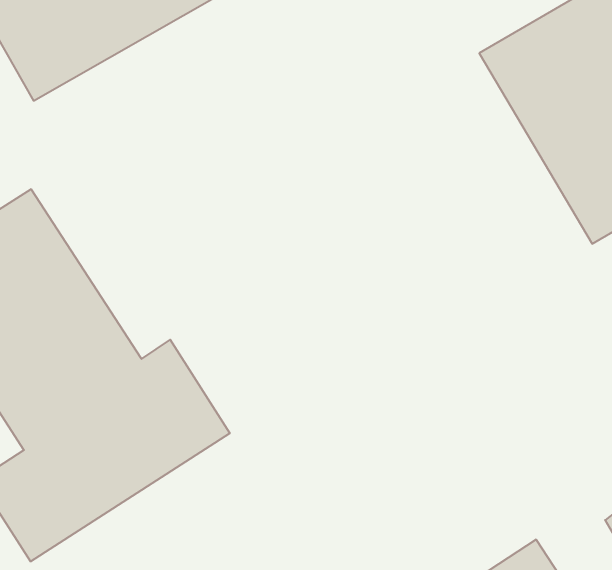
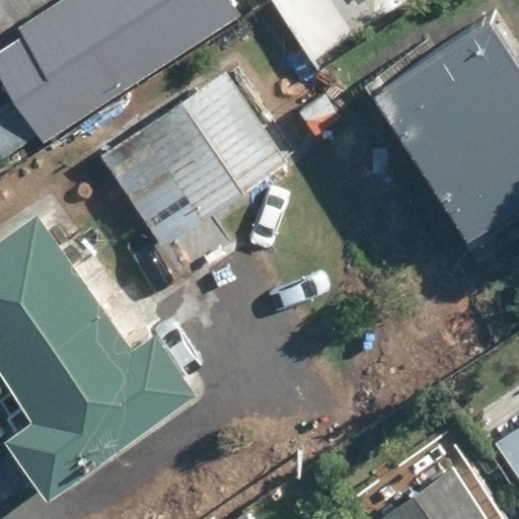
building: none -> [93,76,282,250]

